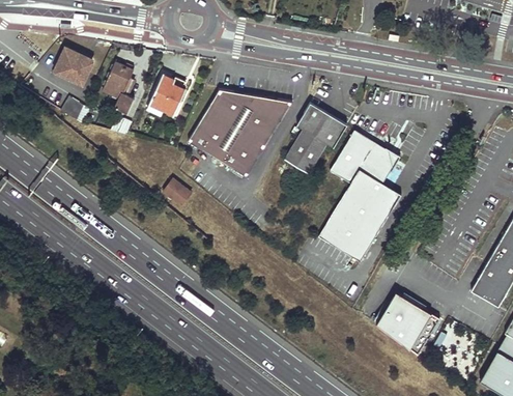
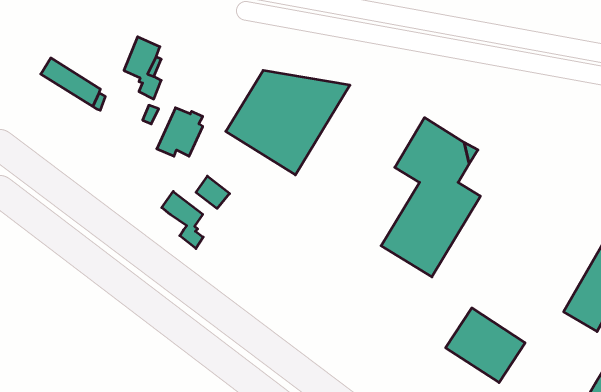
building: [57,48,92,83] -> none
building: [147,74,186,114] -> [157,108,203,156]
building: [285,102,347,172] -> none
building: none -> [162,191,203,249]

